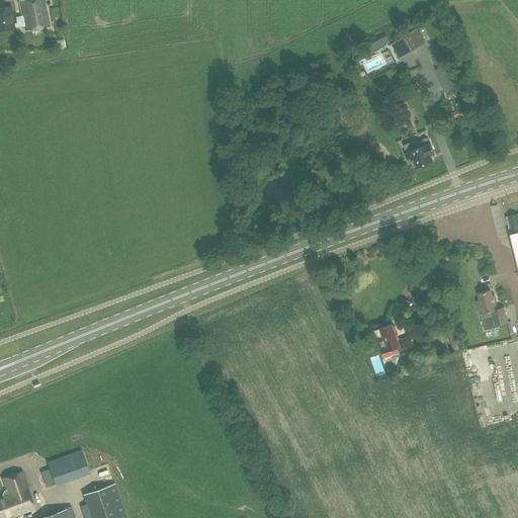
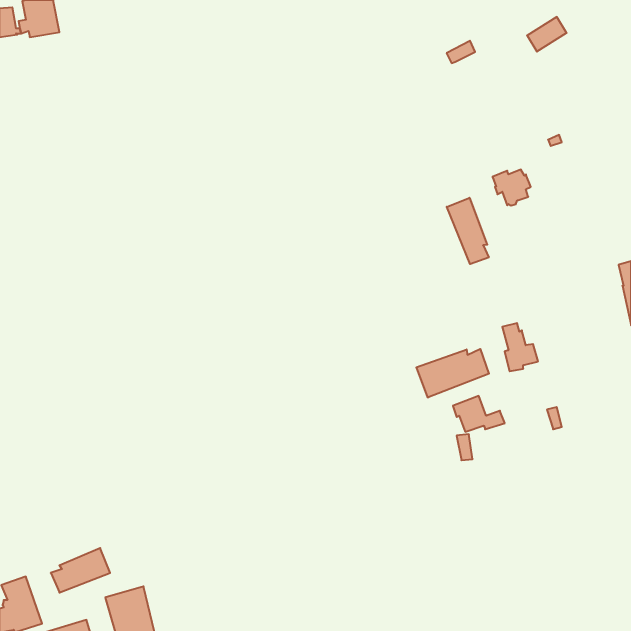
building: [392,30,424,59] -> [527,17,567,52]
building: none -> [447,198,489,264]
building: none -> [416,349,489,398]
building: [478,291,507,331] -> [502,323,538,371]

